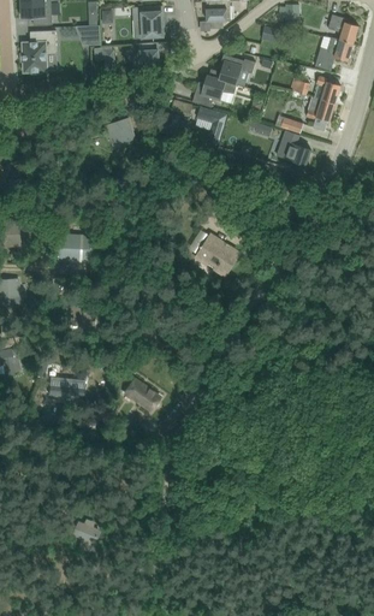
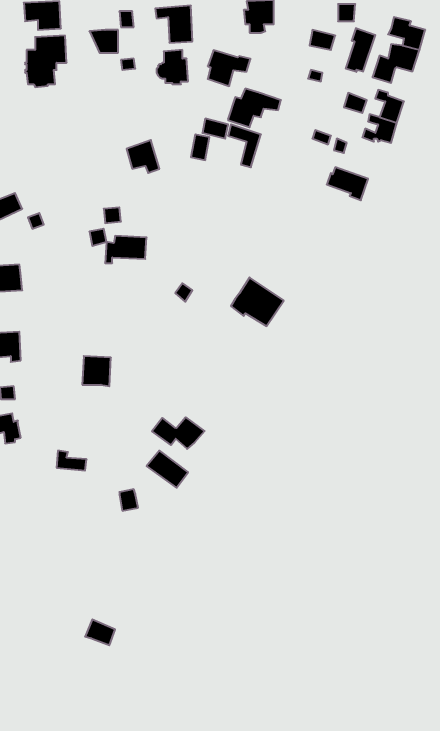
building: none -> [346,28,375,72]
building: [219,54,255,84] -> [208,50,251,86]
building: [58,236,93,259] -> [105,236,147,263]
building: none -> [152,417,205,449]

